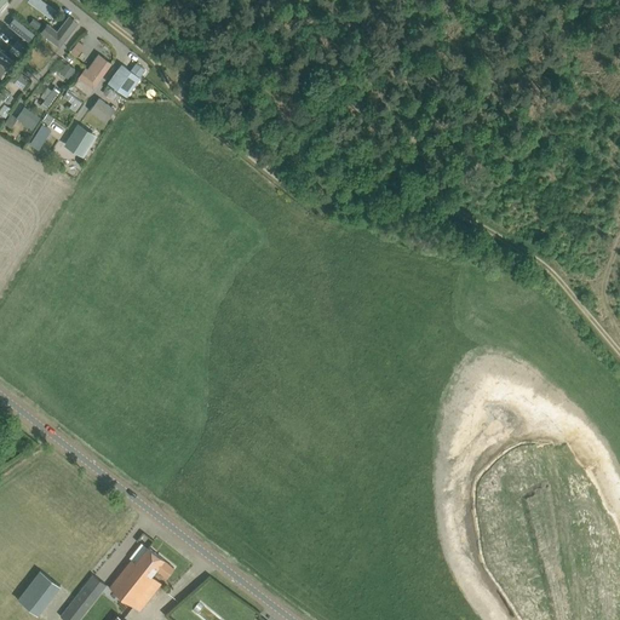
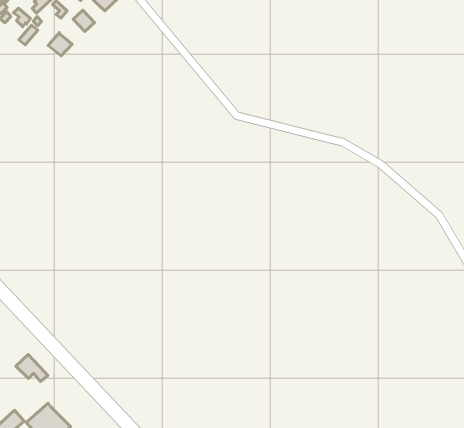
building: [134,547,173,576] -> [16,355,48,382]

